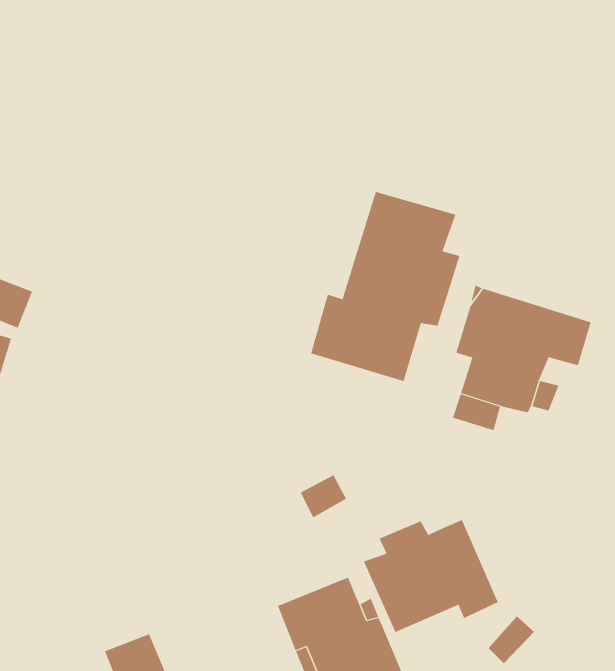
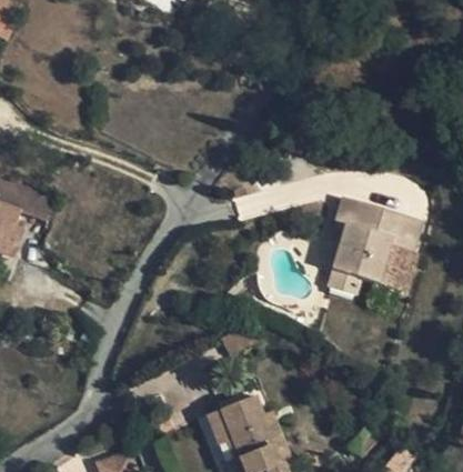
building: [310,191,460,382] -> none
building: [363,519,498,633] -> none

